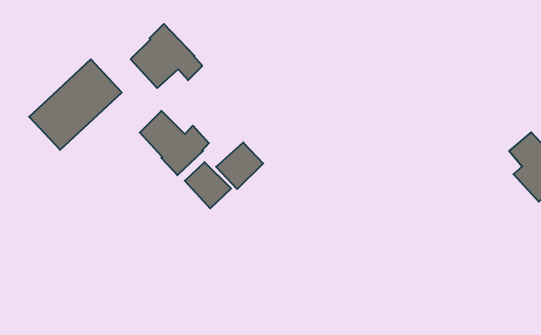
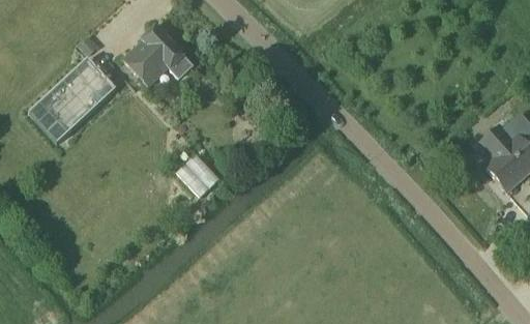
building: [140,111,209,175] -> none
building: [216,142,263,189] -> none

